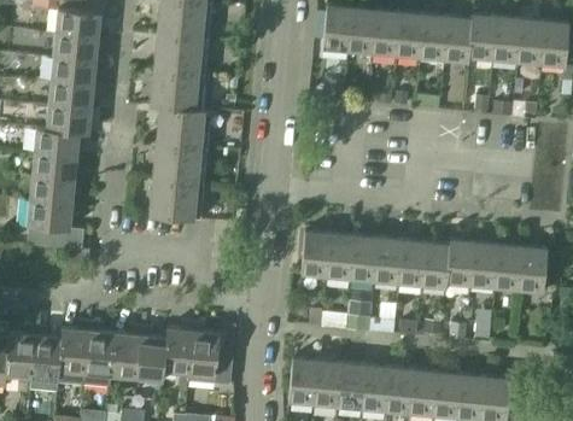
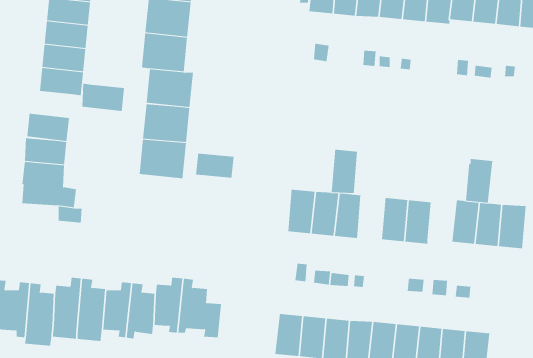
building: [36,129,81,158] -> [81,83,125,111]
building: none -> [195,153,234,179]
building: [375,238,403,283] -> [331,149,358,194]
building: [448,240,476,286] -> [465,159,493,203]

